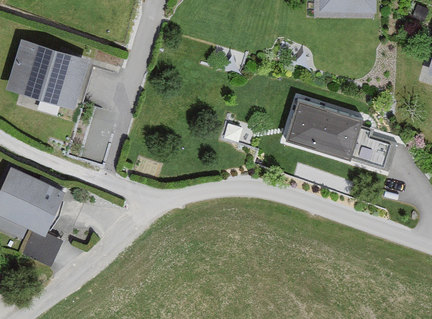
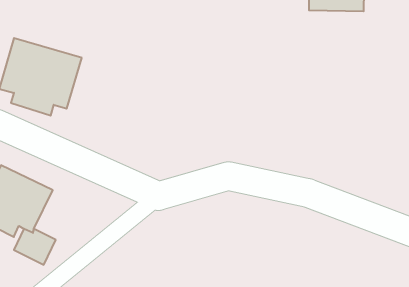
building: [285,96,398,174] -> none

